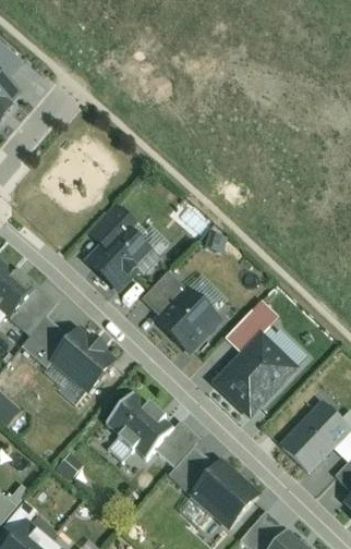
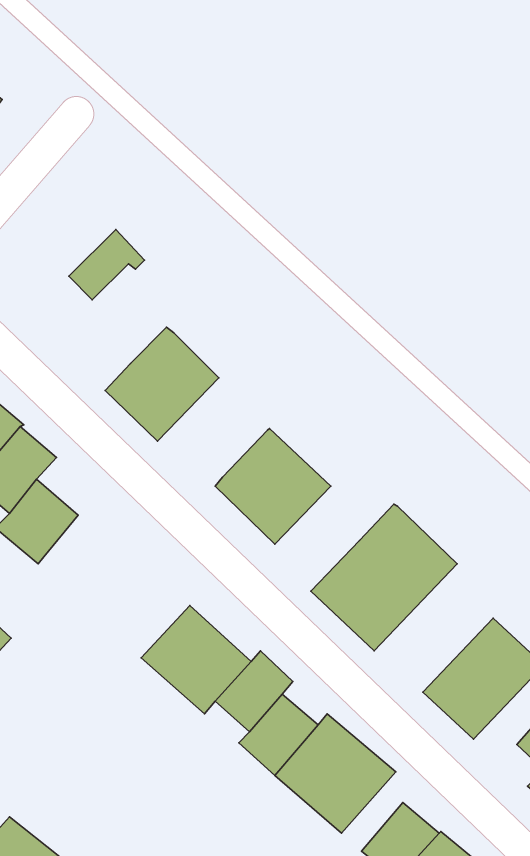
building: [86,205,132,247] -> [69,229,145,300]
building: [138,271,183,316] -> none
building: [222,301,277,354] -> none
building: [48,328,116,395] -> none

